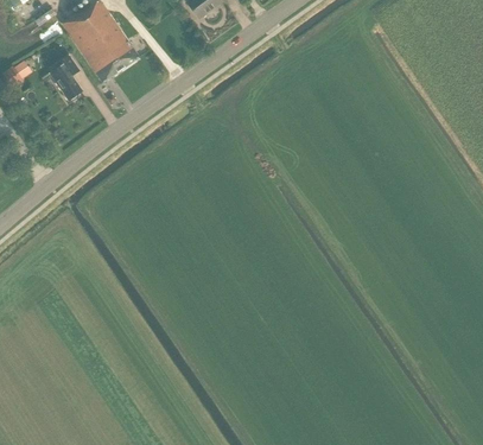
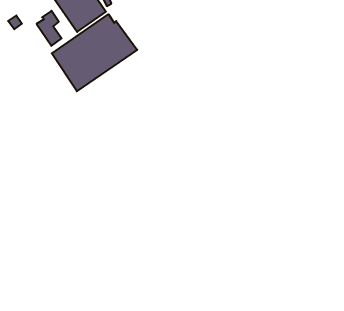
building: none -> [52,14,137,91]

